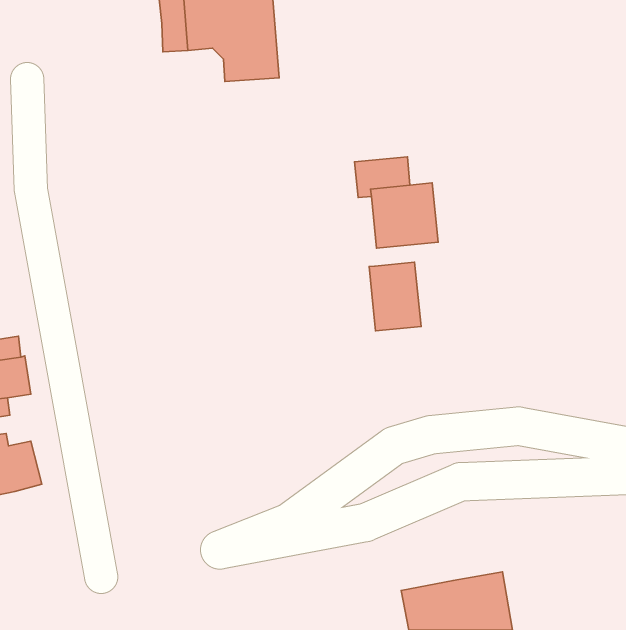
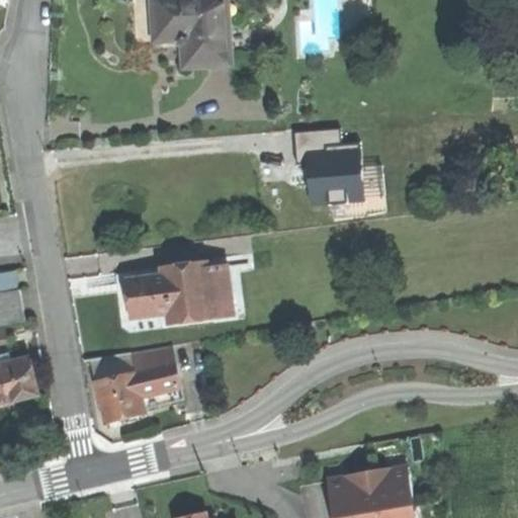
building: [369,262,421,331] -> none
building: none -> [125,263,234,324]
building: none -> [92,344,181,424]

